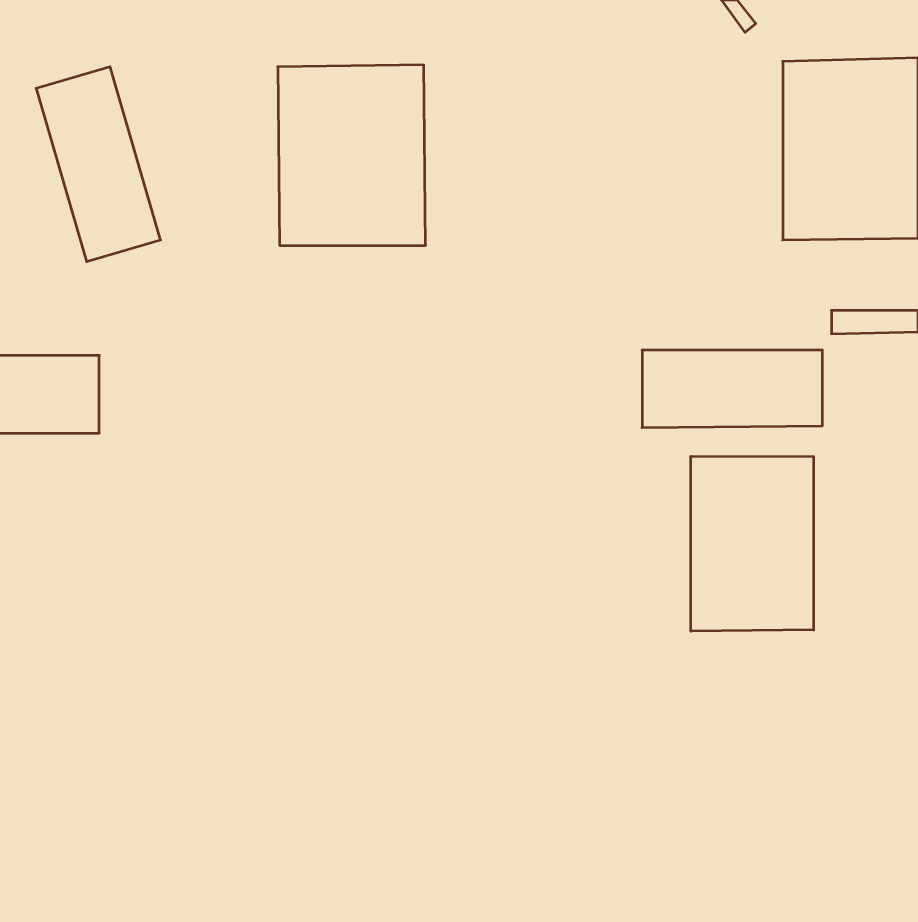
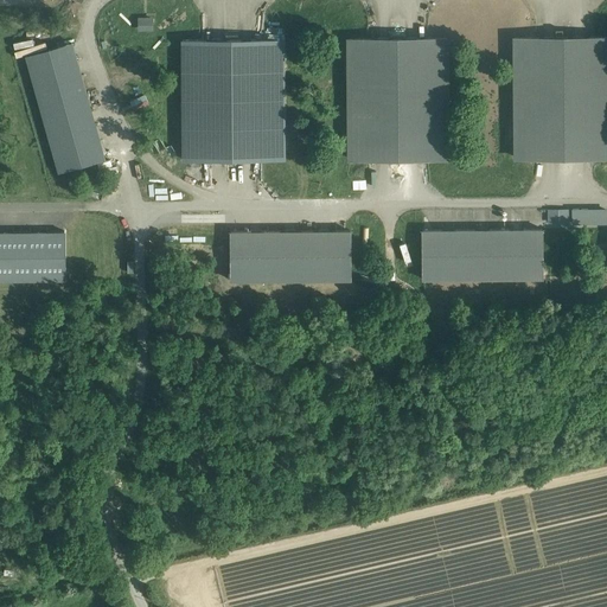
building: none -> [352,40,448,159]
building: none -> [232,232,351,283]
building: [691,456,814,631] -> none

